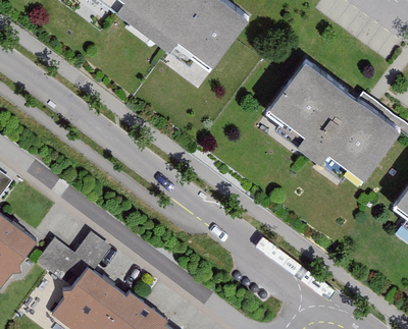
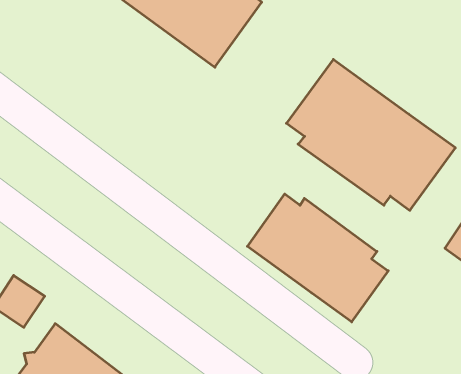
building: none -> [247,194,388,322]

